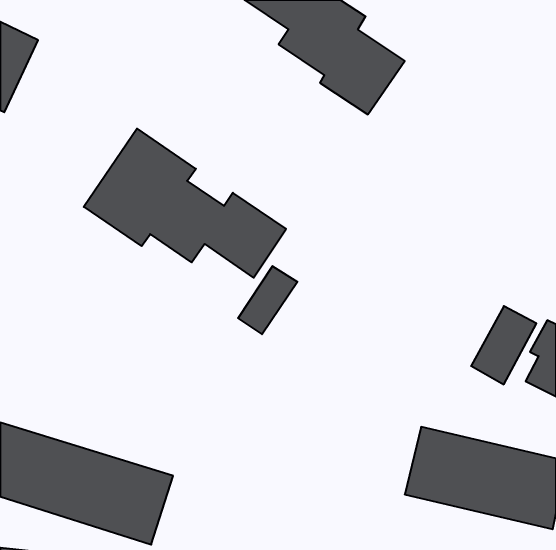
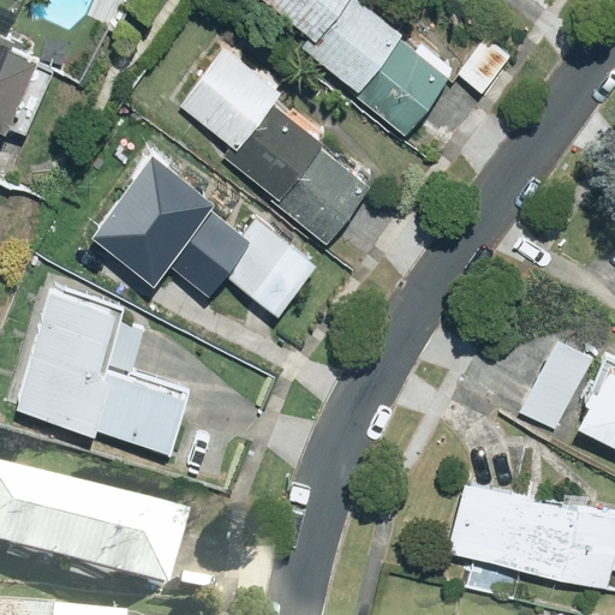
building: none -> [183,46,369,241]
building: none -> [12,286,187,453]
building: [238,266,297,334] -> none

